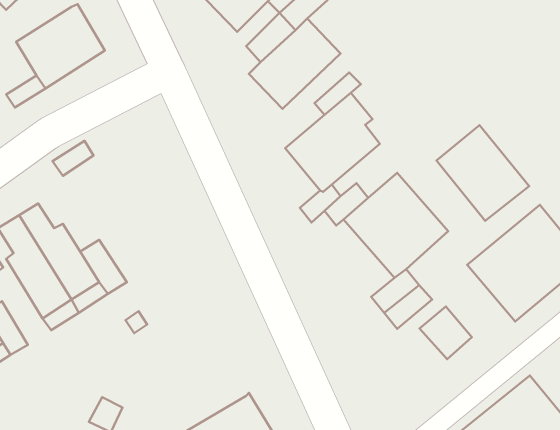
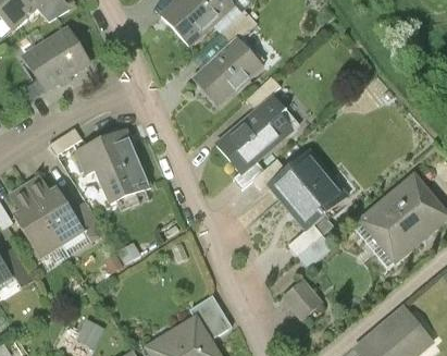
building: [437,125,529,221] -> none
building: none -> [76,131,152,207]
building: [420,307,472,359] -> [282,280,321,319]
building: none -> [189,298,228,339]

